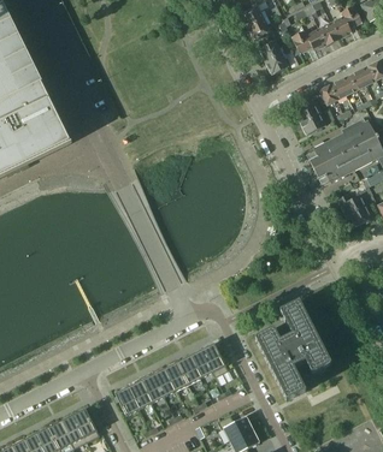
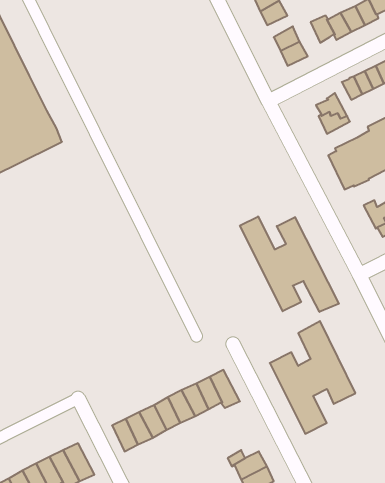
building: none -> [240,216,339,312]

